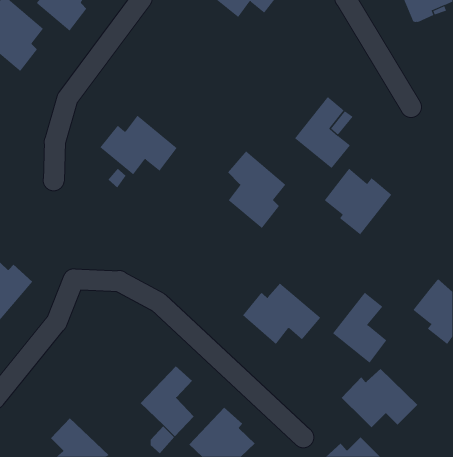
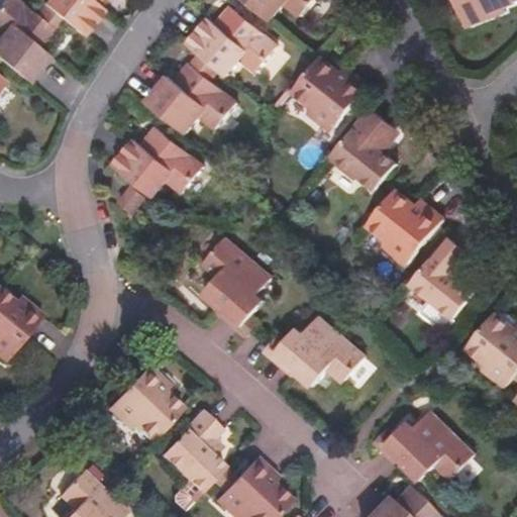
building: none -> [185,6,276,76]
building: none -> [290,58,366,132]
building: none -> [145,66,233,133]
building: [227,151,286,229] -> [201,238,268,326]
building: [332,292,387,364] -> [410,237,472,318]
building: none -> [103,365,180,441]

